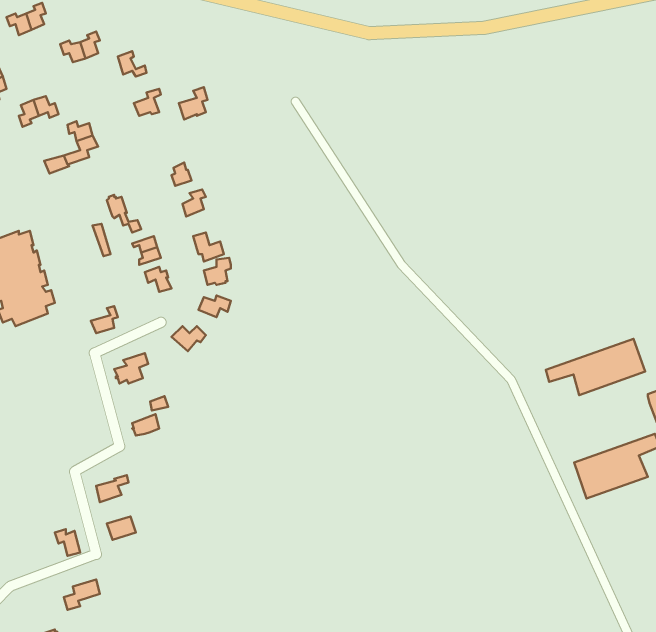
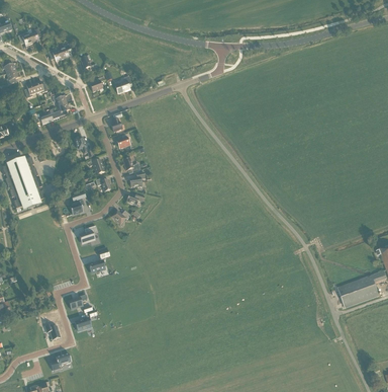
building: [546,339,645,395] -> none

